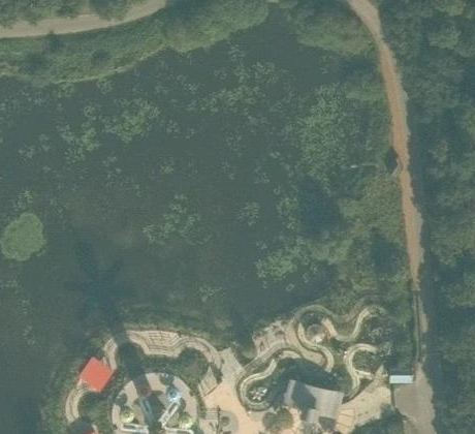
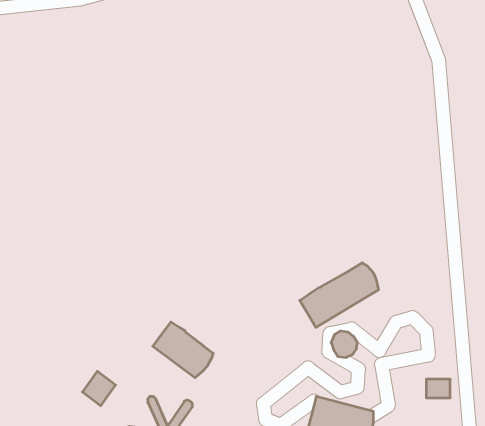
building: none -> [300,263,378,327]
building: none -> [153,322,213,378]

